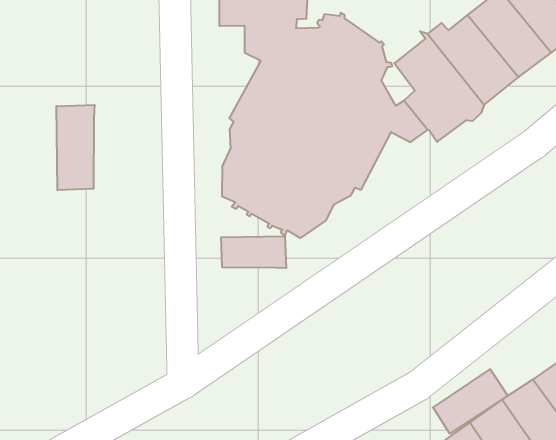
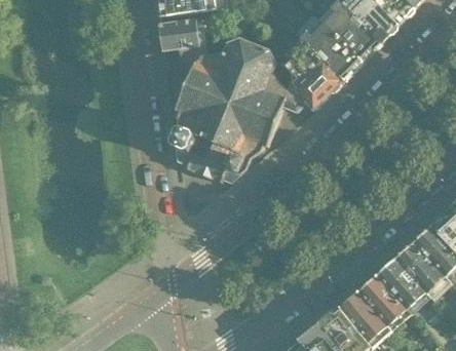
building: [56,105,94,190] -> none
building: [221,236,286,268] -> none
building: [433,369,508,434] -> none

